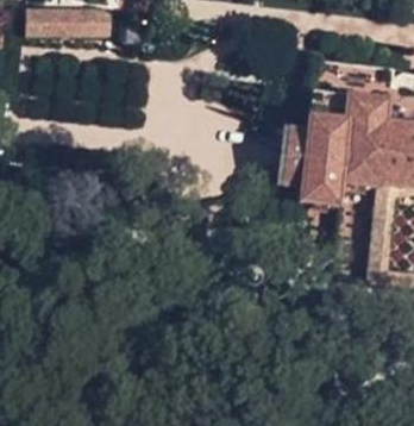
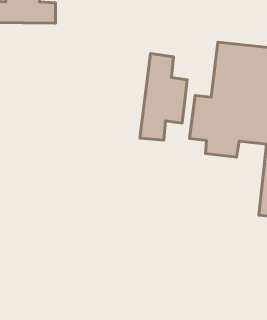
building: none -> [140,54,187,140]

